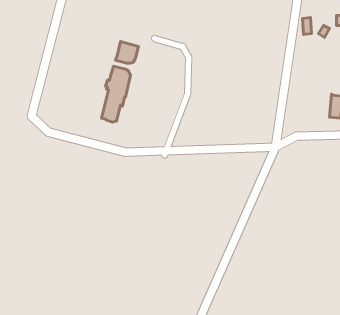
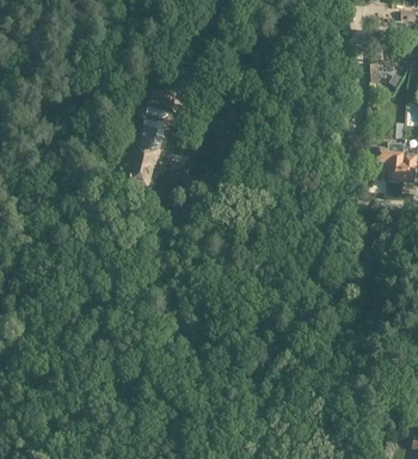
building: none -> [375,142,407,181]

